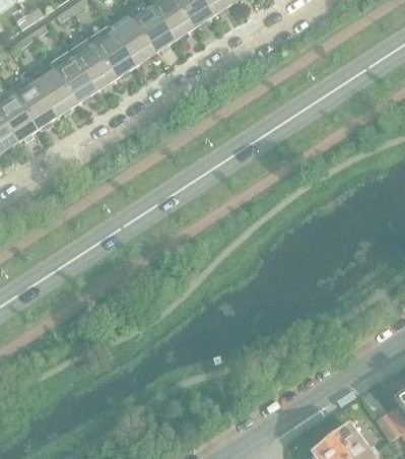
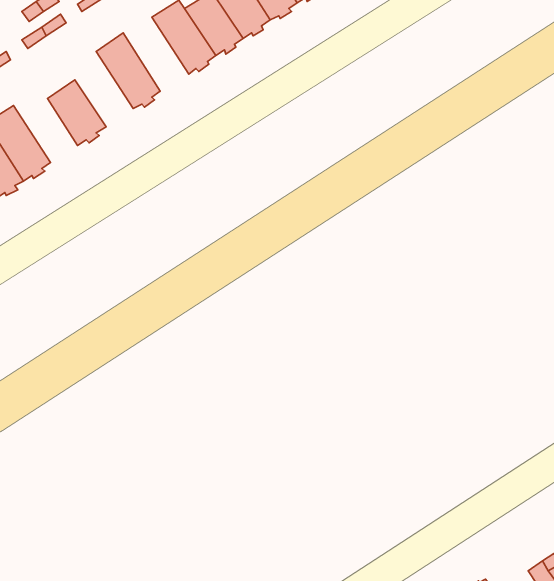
building: [88,23,135,77] -> none
building: [49,49,95,103] -> none
building: [10,74,56,128] -> none

